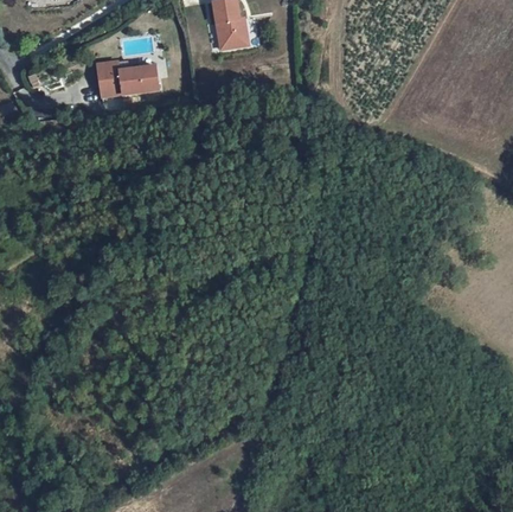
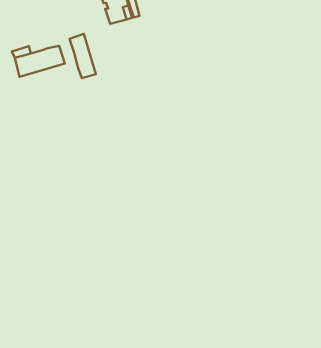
building: none -> [70,34,96,78]

